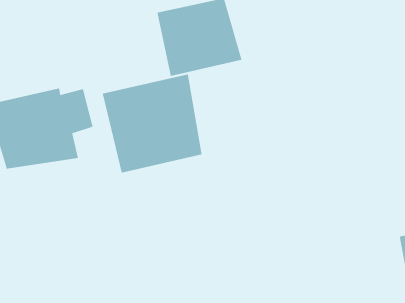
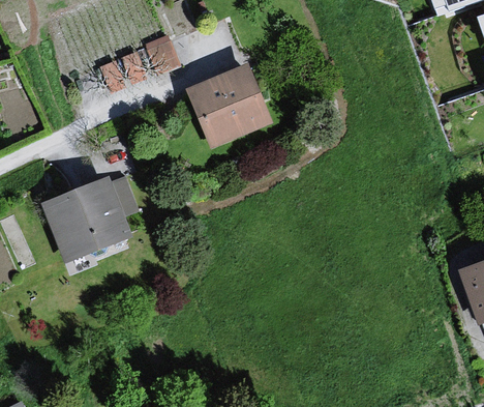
building: [102,74,202,174] -> none

